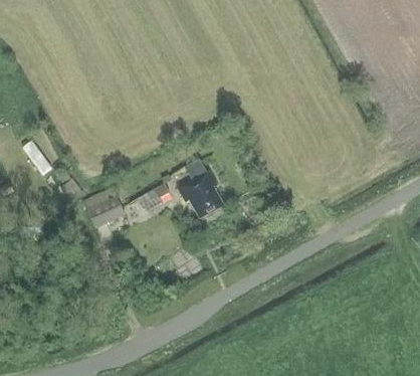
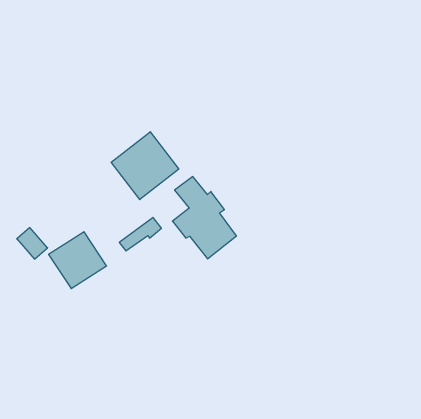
building: none -> [111,132,179,200]

